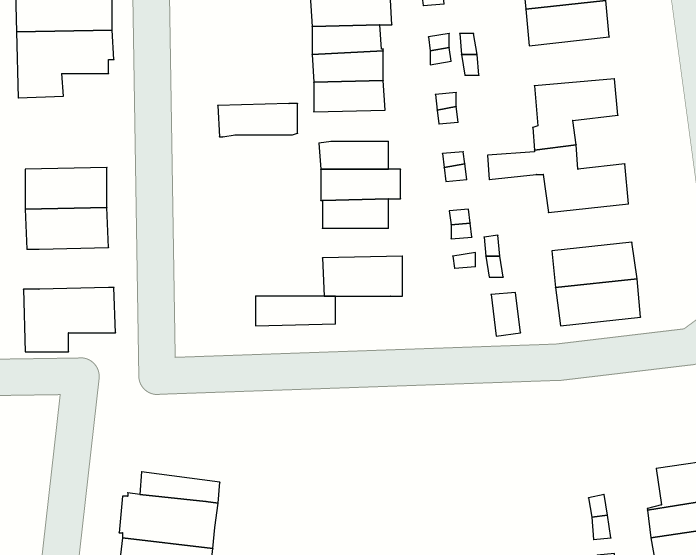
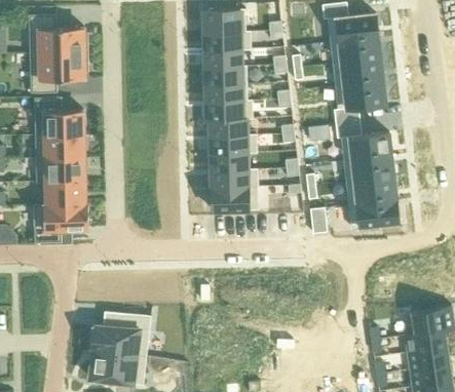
building: none -> [333,56,383,85]
building: [218,104,298,137] -> [205,100,253,119]
building: none -> [34,96,83,134]
building: none -> [344,155,393,183]
building: none -> [43,181,84,205]
building: [256,296,335,326] -> [211,169,258,187]

